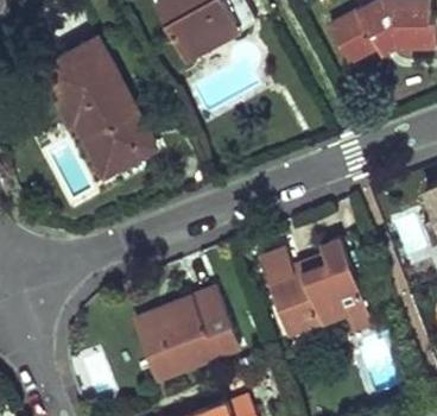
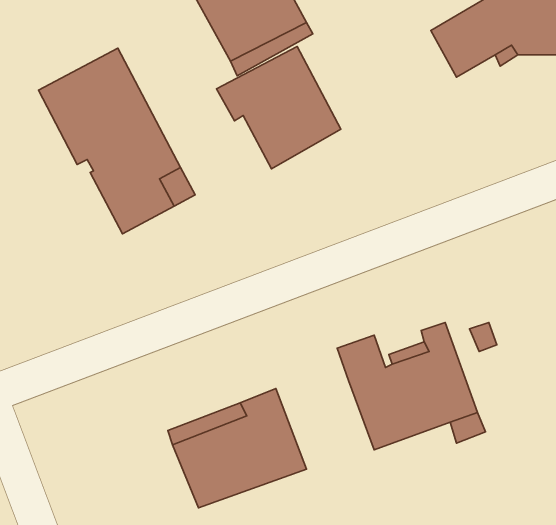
building: none -> [216,46,341,169]

